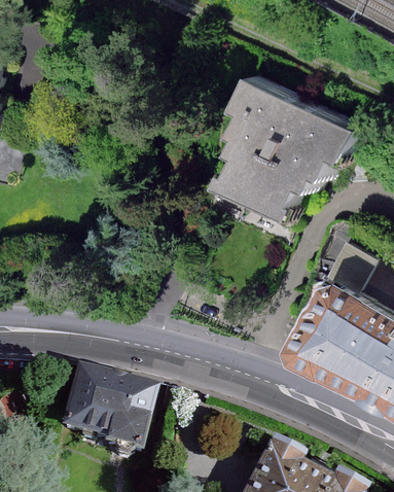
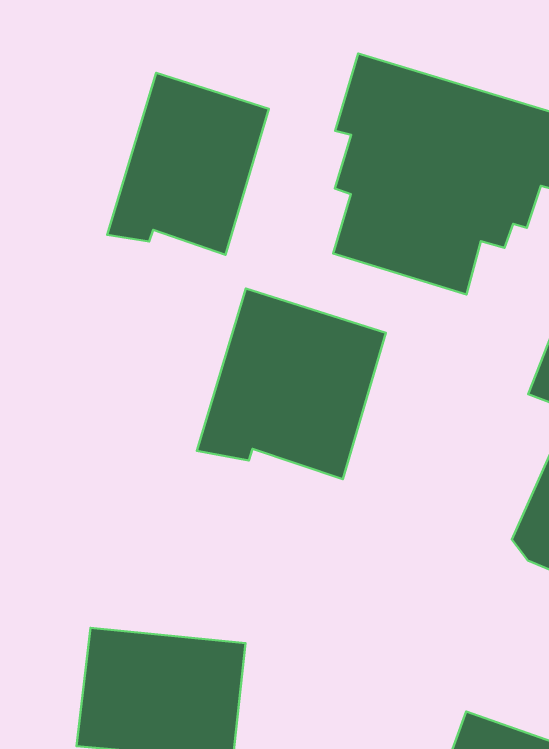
building: none -> [107,73,269,255]
building: none -> [197,288,386,479]

